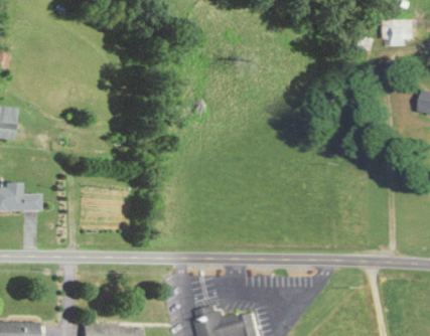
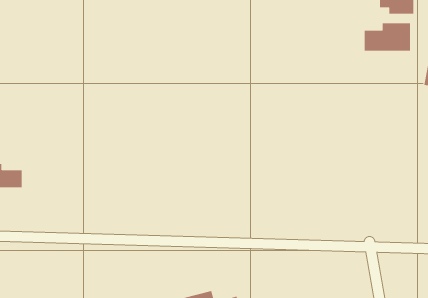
building: none -> [364,22,410,52]

